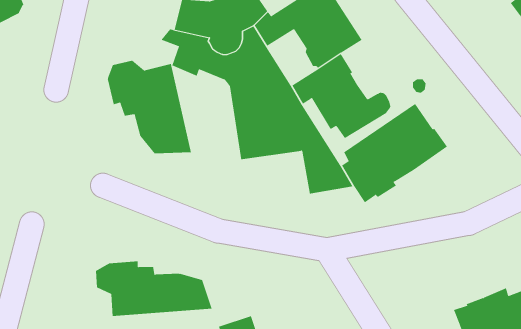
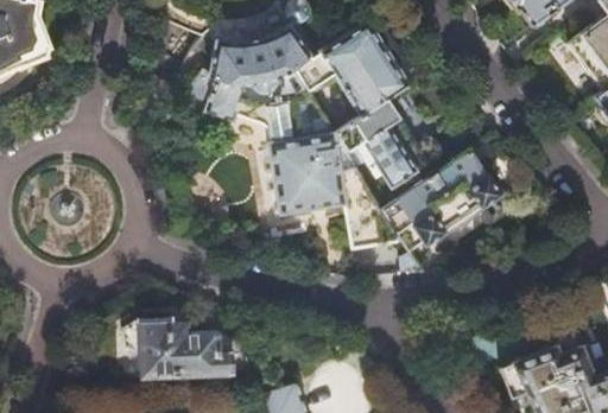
building: [107,60,192,154] -> none

